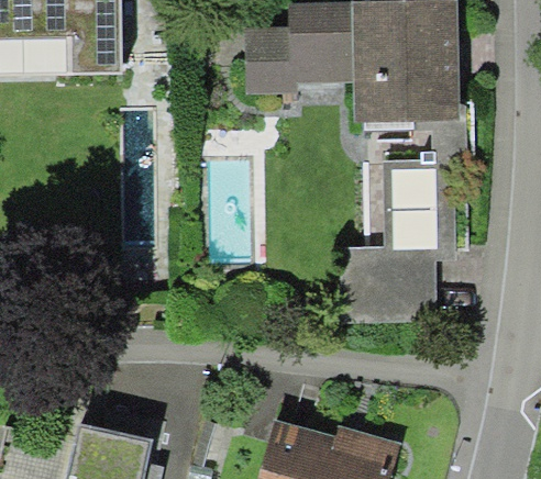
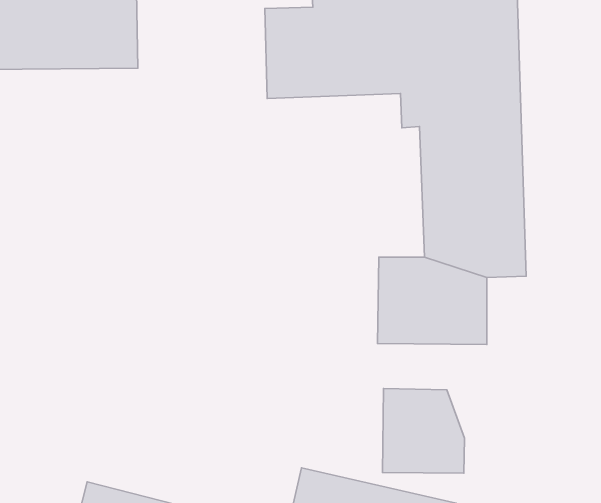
building: none -> [383,389,465,473]

